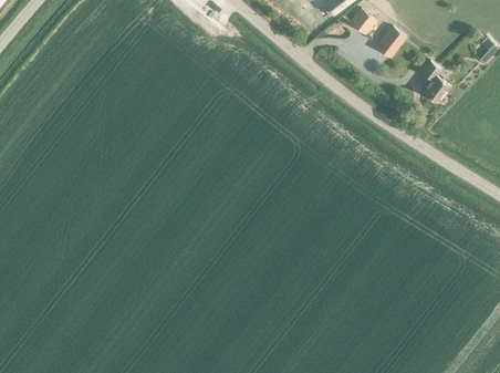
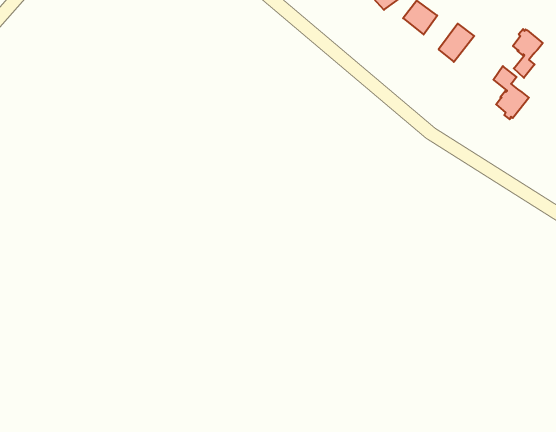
building: none -> [513,29,543,78]

